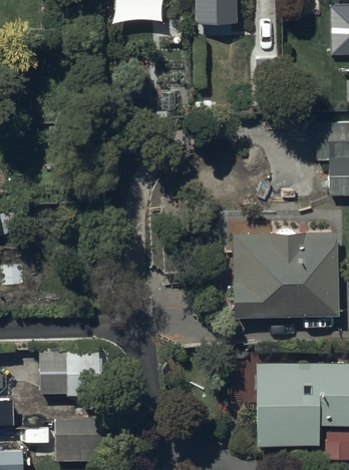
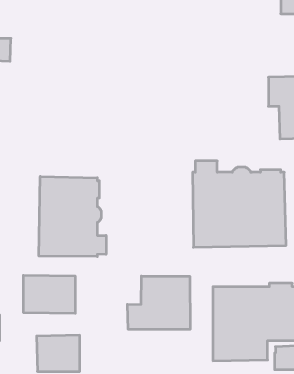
building: none -> [39,176,106,257]
building: none -> [127,276,190,329]

